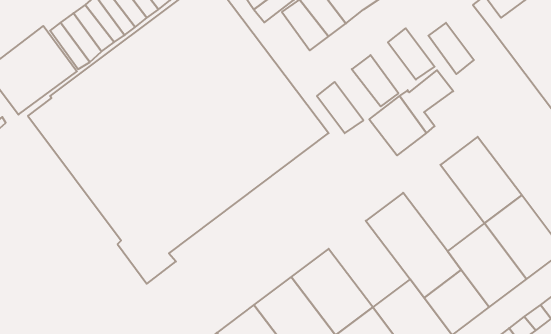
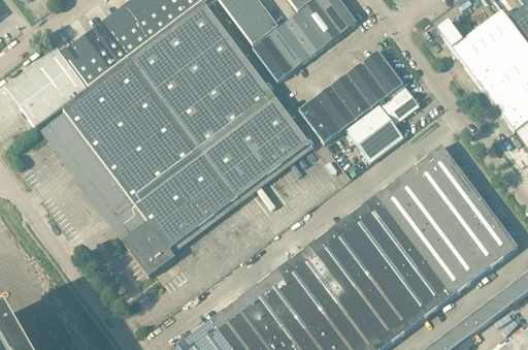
building: none -> [252,35,293,81]
building: [428,23,474,74] -> [346,62,387,107]
building: none -> [315,86,356,131]
building: none -> [375,170,448,247]
building: none -> [309,220,382,296]

